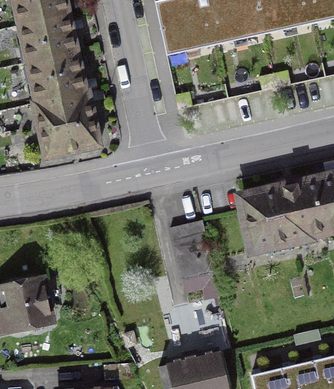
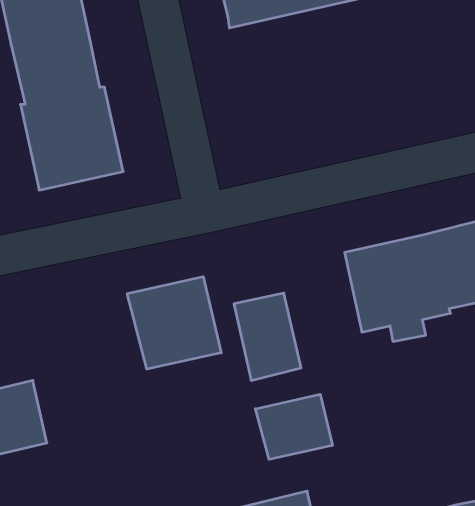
building: none -> [127,277,221,369]
building: none -> [255,394,332,459]

